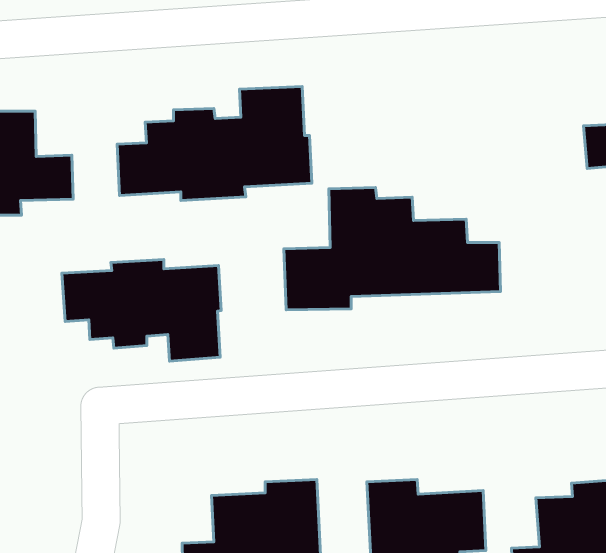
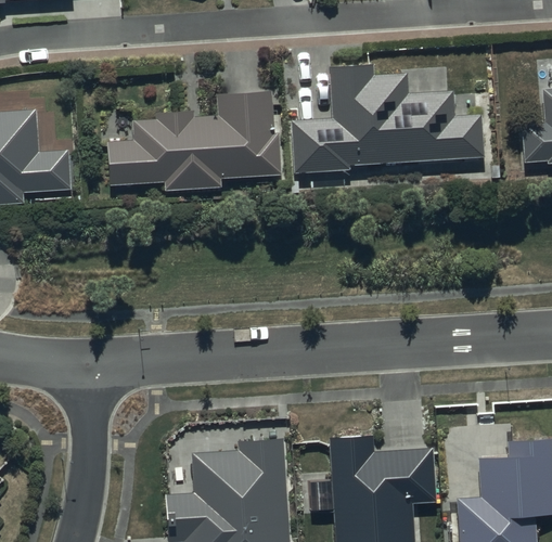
building: [284,187,500,310] -> [292,65,484,173]
building: [62,260,221,361] -> none

